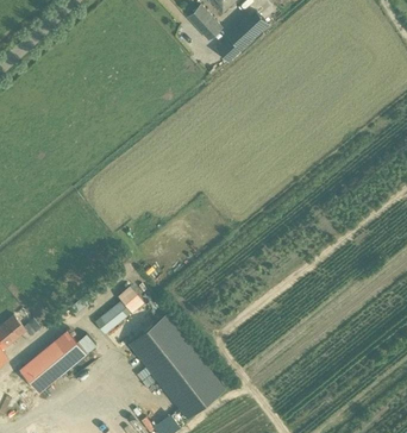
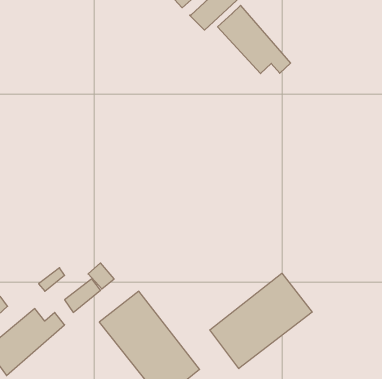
building: none -> [218,5,291,74]
building: none -> [210,273,312,369]

